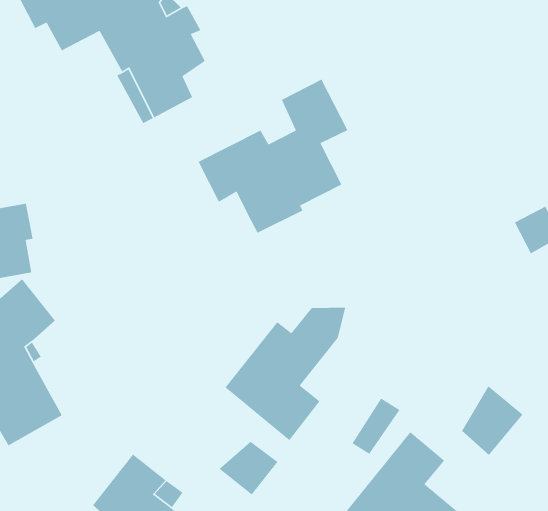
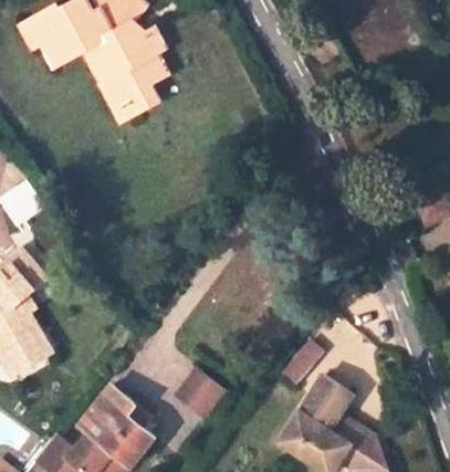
building: [198,79,349,234] -> none
building: [225,307,346,441] -> none
building: [461,385,523,456] -> none

